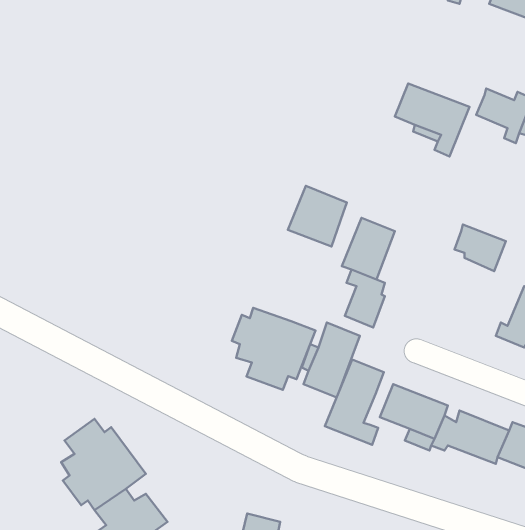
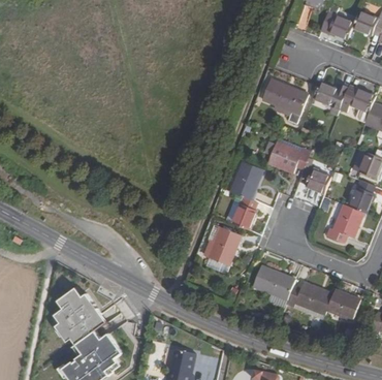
building: none -> [266,141,310,172]
building: [288,186,347,247] -> none
building: [232,308,315,390] -> none
building: [325,360,384,445] -> none

